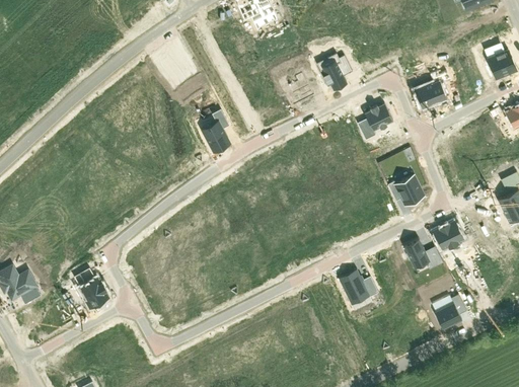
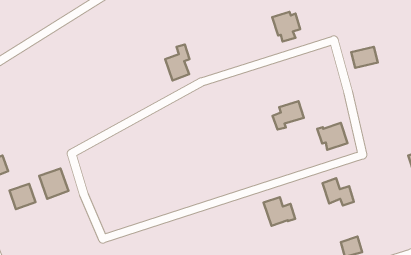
building: [358,102,394,139] -> [273,101,304,130]
building: [433,220,464,250] -> none
building: none -> [9,184,35,209]

